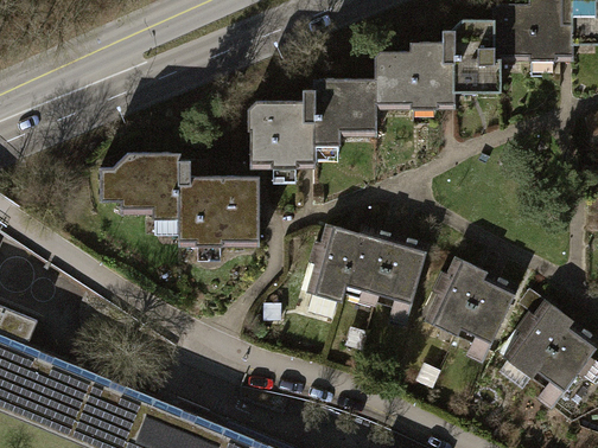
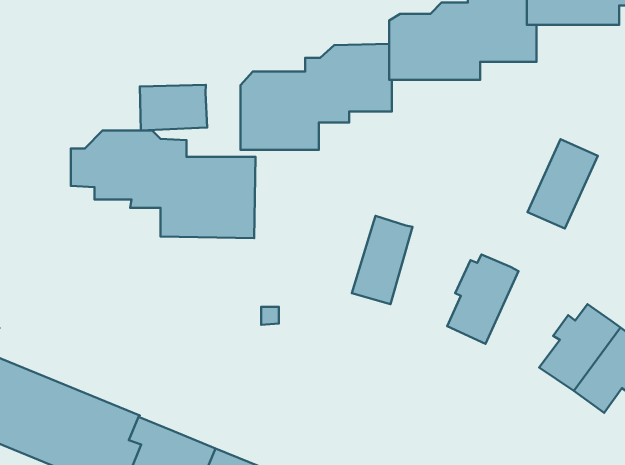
building: none -> [140,85,207,131]
building: [306,225,360,319] -> none
building: [375,236,426,312] -> none
building: [457,274,517,351] -> [528,139,598,229]

